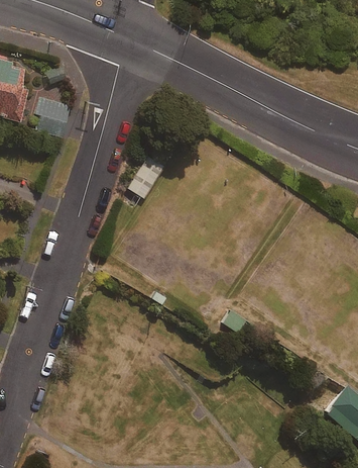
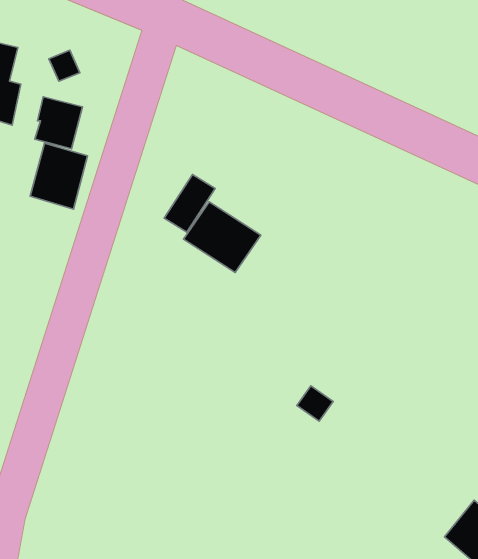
building: none -> [30,143,88,209]
building: none -> [183,202,261,272]

